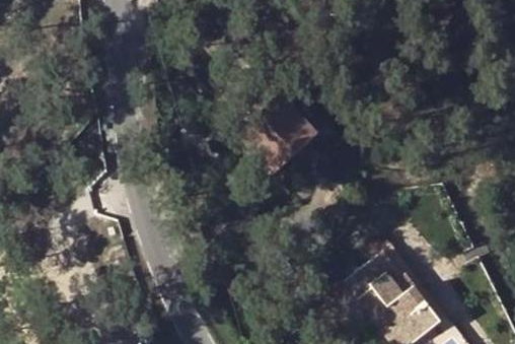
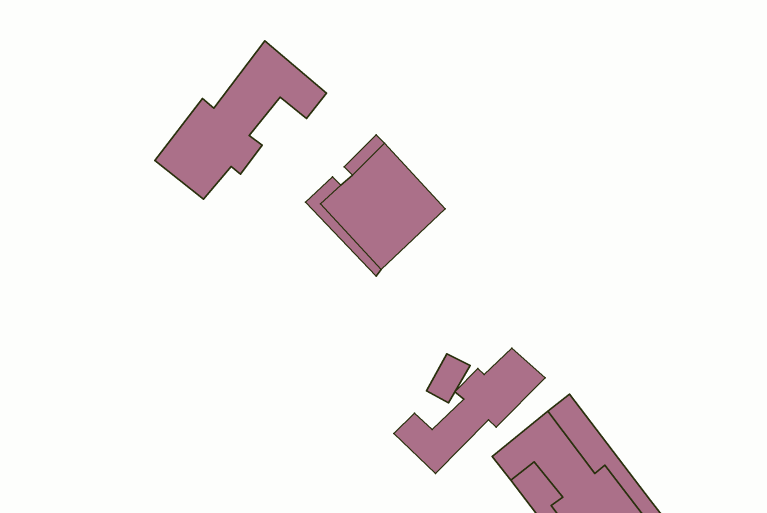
building: none -> [155,41,327,199]
building: none -> [394,348,545,473]

